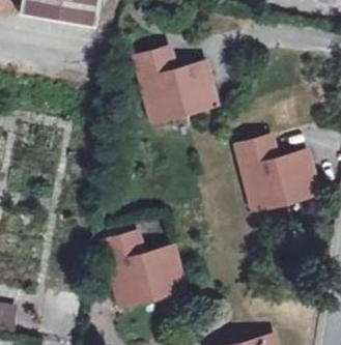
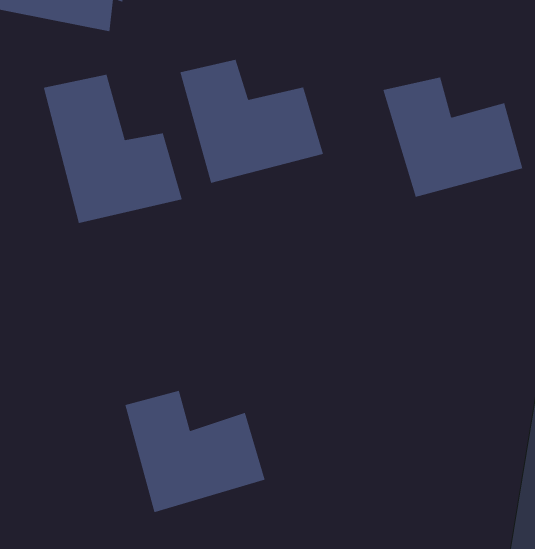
building: none -> [43,74,182,224]
building: [237,136,317,204] -> [382,77,523,198]

